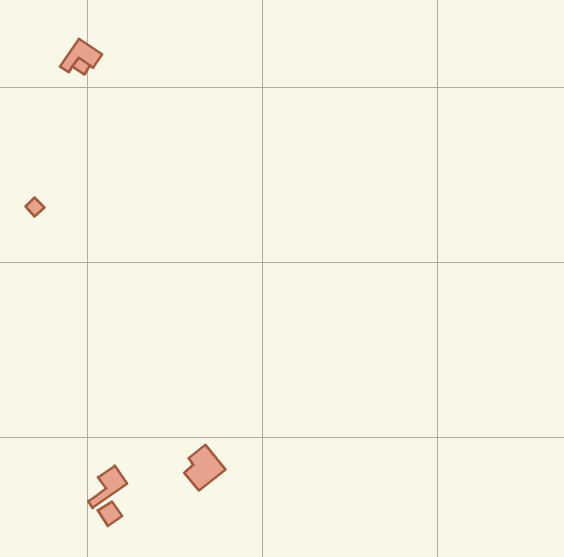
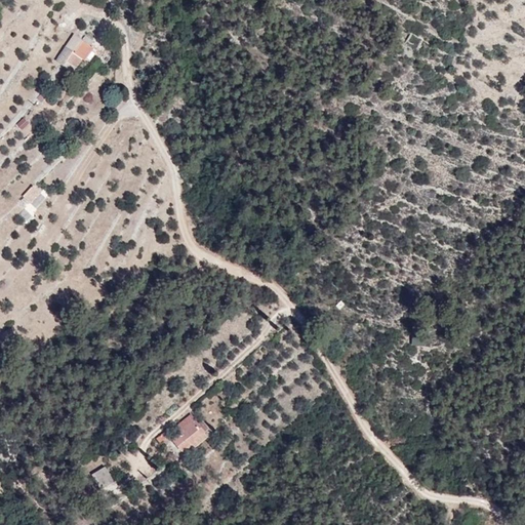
building: [88,466,127,508] -> none

